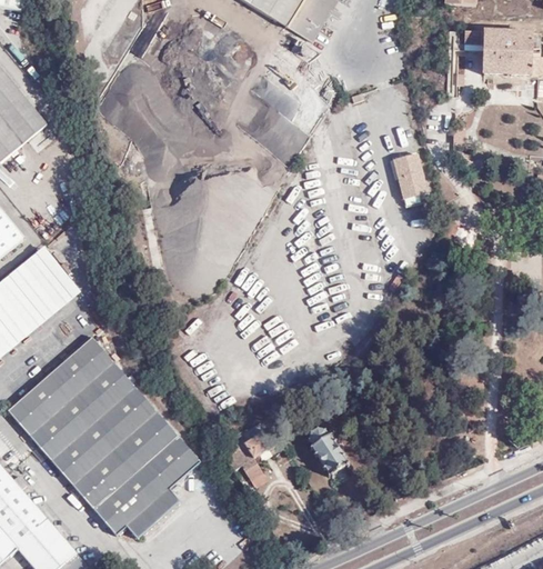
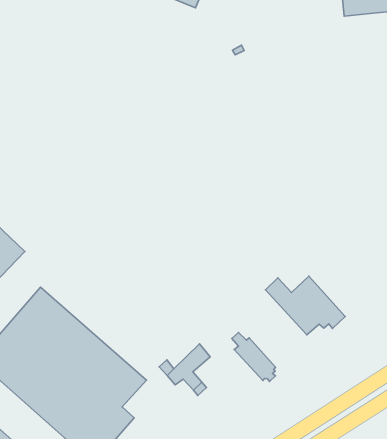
building: [392,153,428,203] -> none
building: none -> [265,276,345,335]

